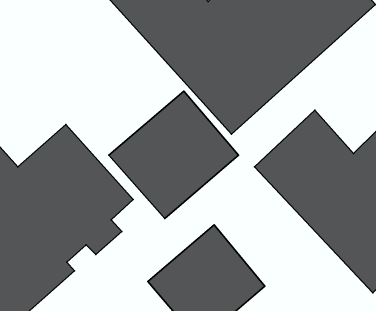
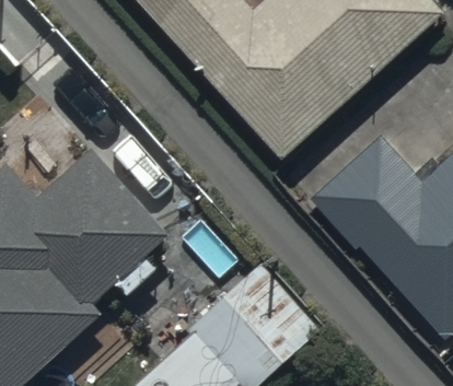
building: [109,91,239,218] -> none

